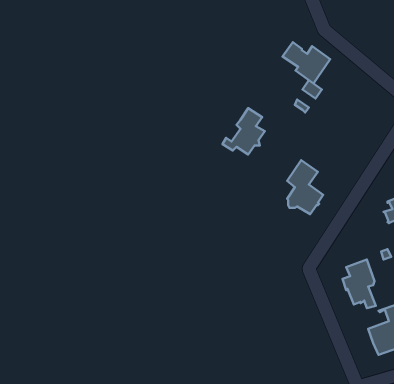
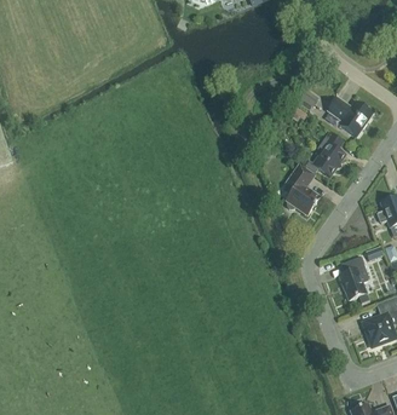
building: [283,42,330,84] -> [326,97,370,136]
building: [222,108,265,154] -> [304,132,344,175]

